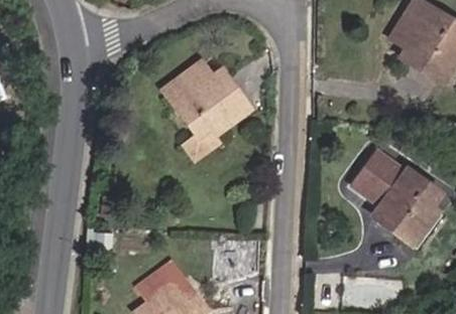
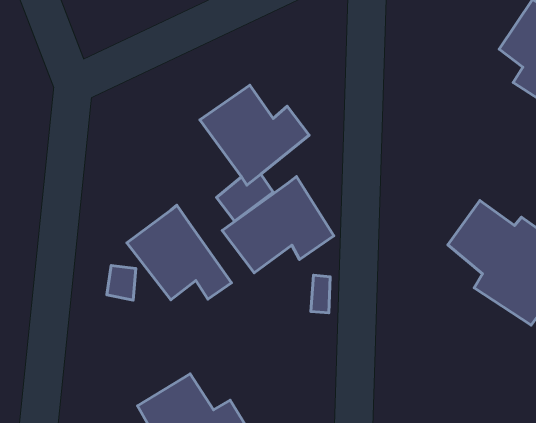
building: none -> [222,177,334,273]
building: none -> [127,205,231,300]

